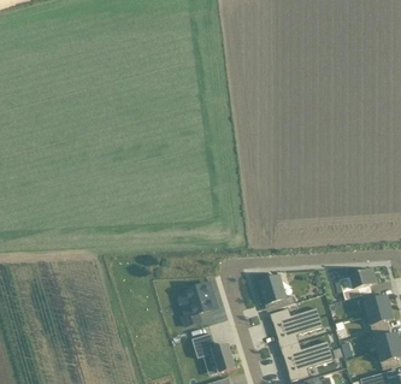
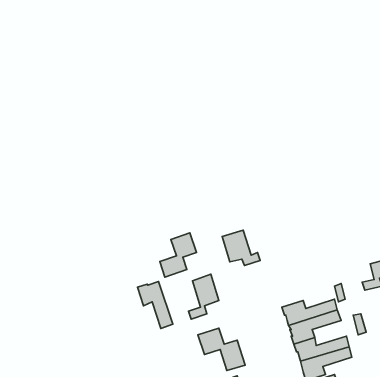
building: none -> [160,233,196,277]
building: [260,273,295,306] -> [222,230,260,266]
building: none -> [138,281,173,329]

